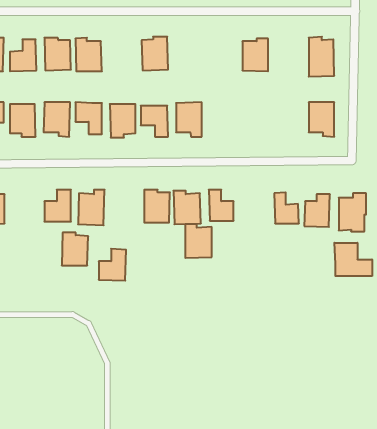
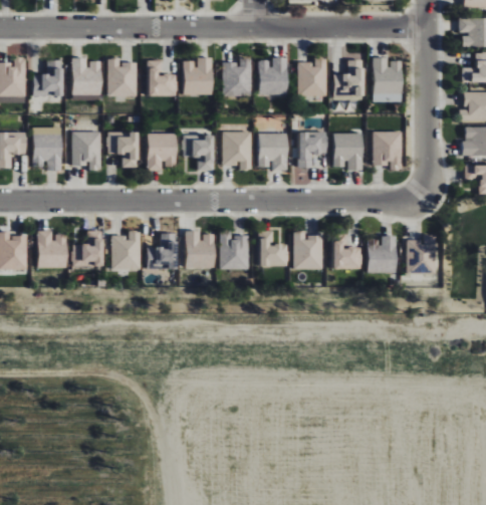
building: none -> [222,57,252,96]
building: none -> [258,57,287,94]
building: none -> [148,60,177,96]
building: none -> [333,60,363,100]
building: none -> [298,132,327,168]
building: none -> [333,133,363,171]
building: none -> [258,134,287,171]
building: [185,224,212,258] -> [293,232,323,270]
building: [62,233,88,265] -> [37,231,67,268]
building: [334,243,372,276] -> none
building: [99,249,126,281] -> [147,233,178,269]

